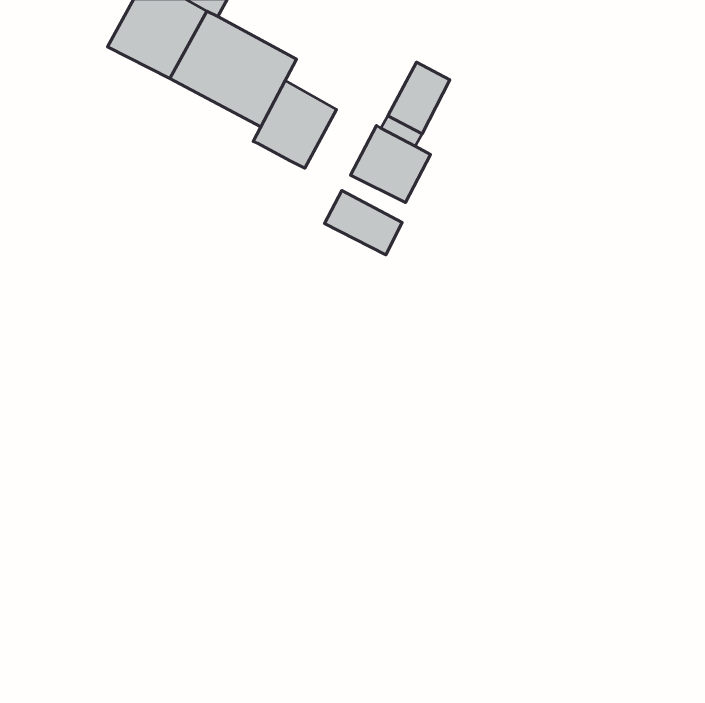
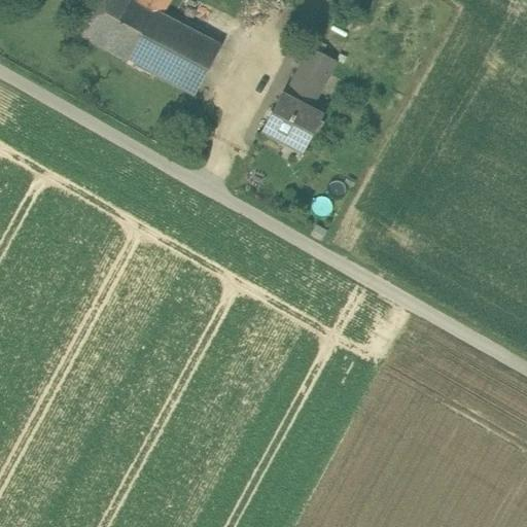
building: [253,81,336,168] -> none
building: [324,190,402,255] -> none

